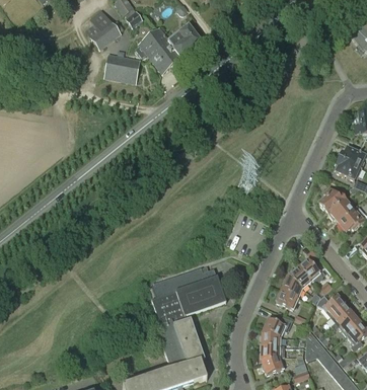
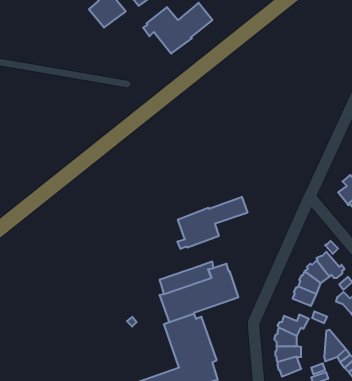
building: [105,56,140,82] -> none
building: none -> [177,197,247,249]

